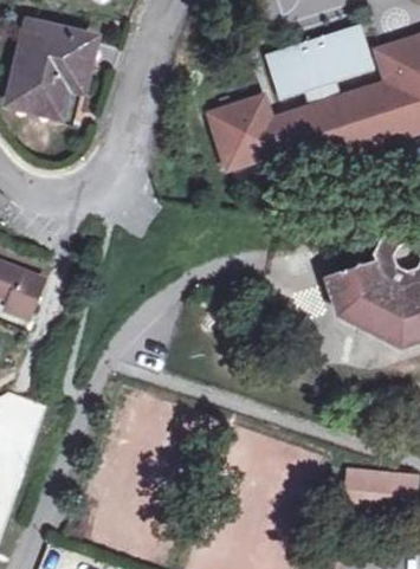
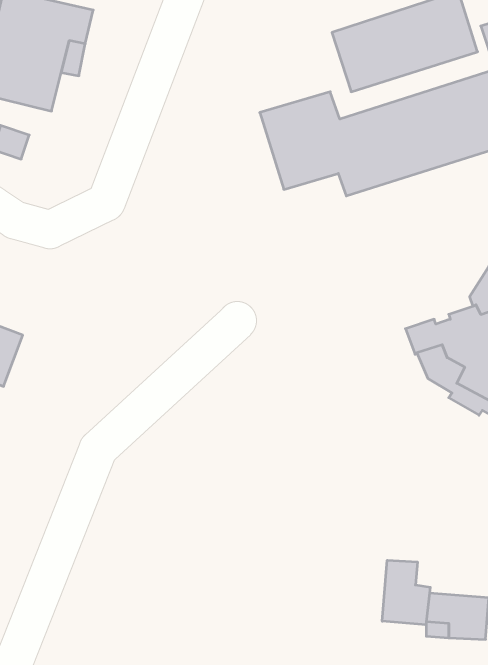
building: none -> [382,560,430,625]

